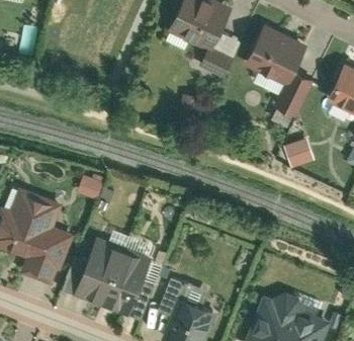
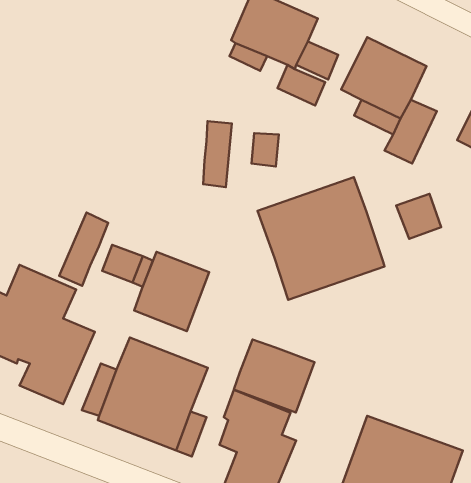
building: none -> [203,121,232,187]
building: none -> [257,177,384,300]
building: none -> [59,213,108,286]
building: none -> [134,252,209,331]
building: none -> [234,339,315,412]

